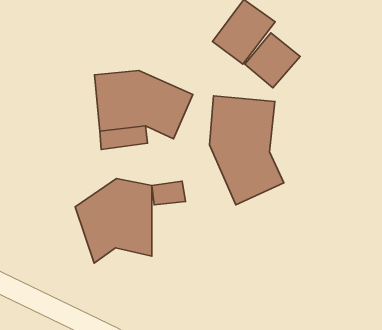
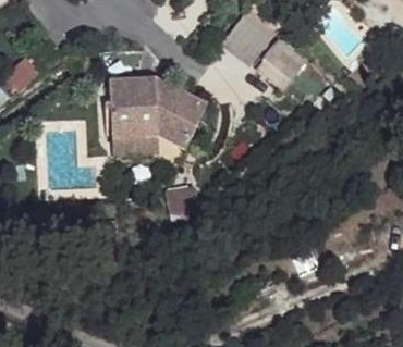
building: [209,96,284,205] -> none
building: [75,179,152,263] -> none

